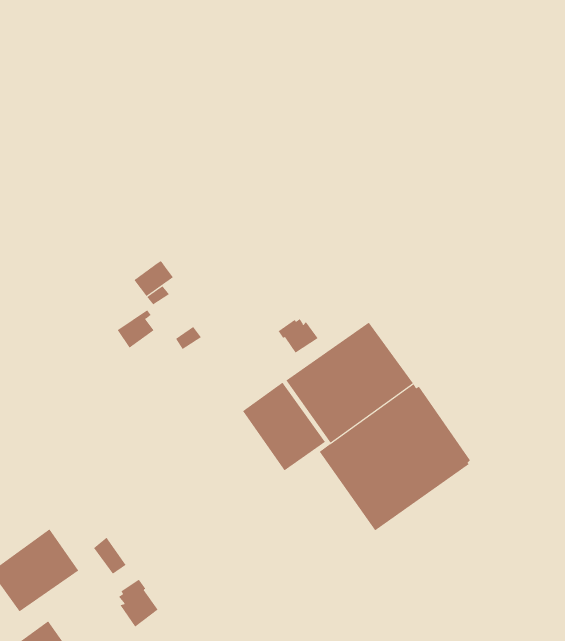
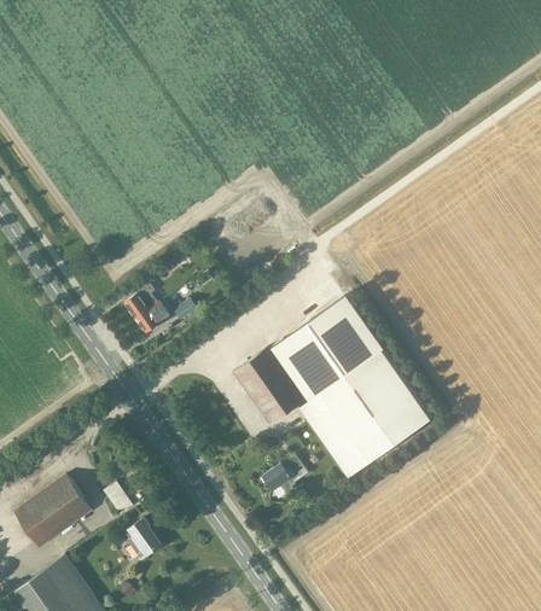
building: [134,260,174,297] -> [135,302,170,333]
building: [278,318,318,353] -> none
building: none -> [262,459,308,490]

